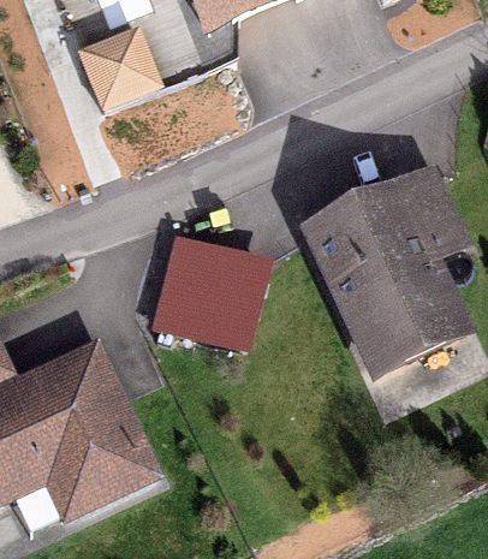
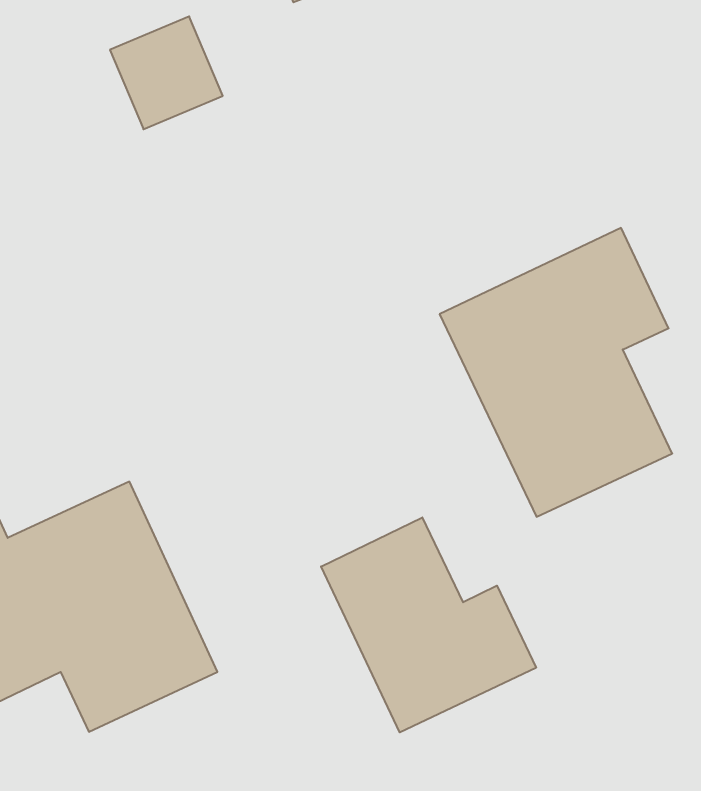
building: [161,248,258,341] -> none
building: none -> [321,517,536,732]

